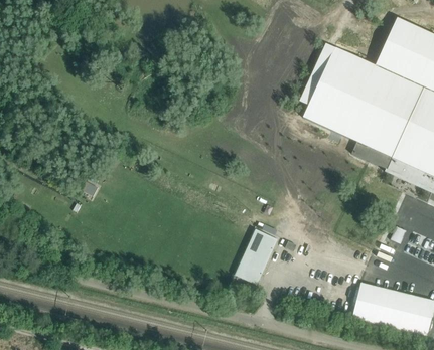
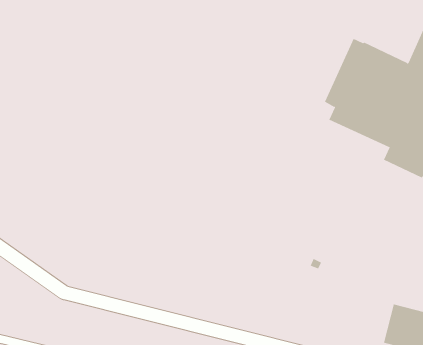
building: [244,231,278,282] -> none

